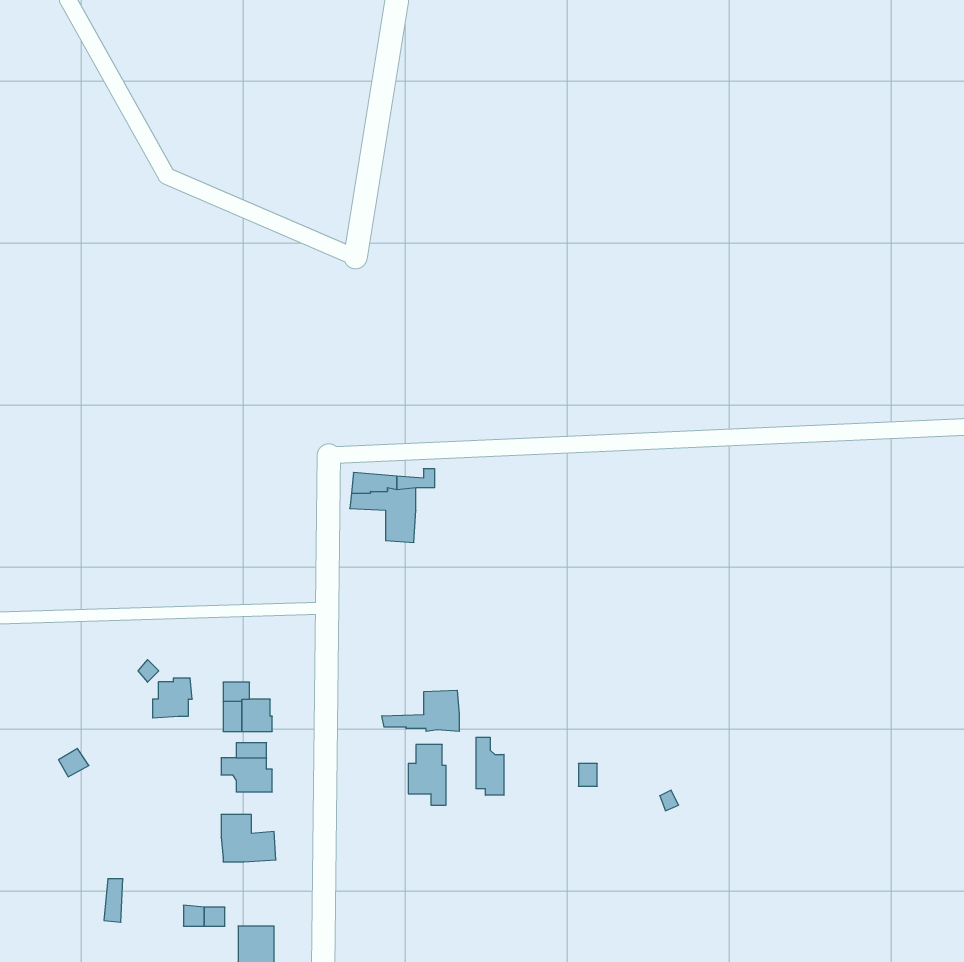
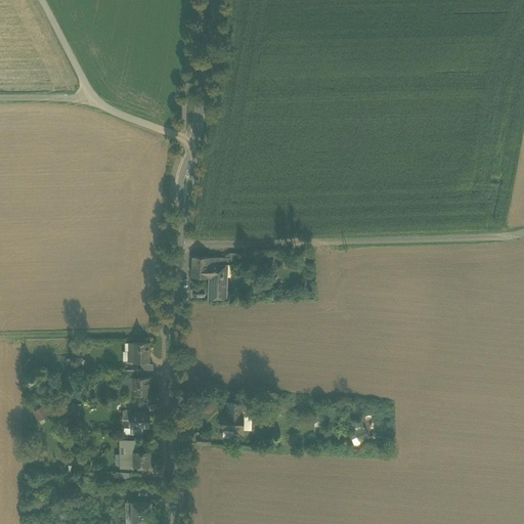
building: [153,678,192,718] -> [126,345,147,366]
building: [382,690,459,731] -> none
building: [476,737,504,795] -> none

